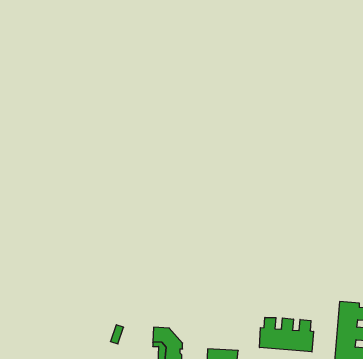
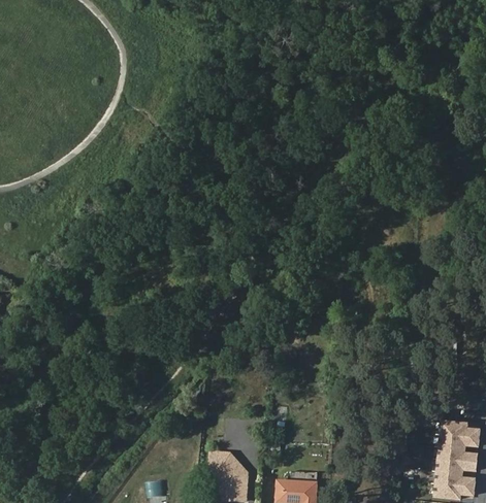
building: [260,317,314,352] -> none

